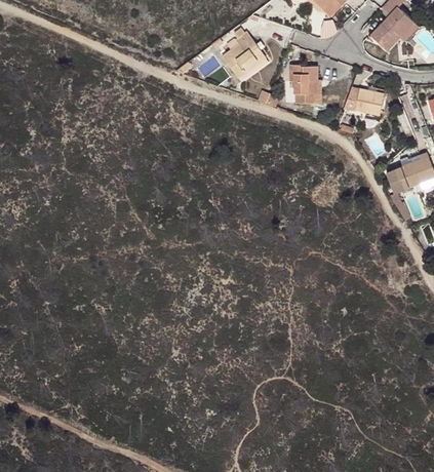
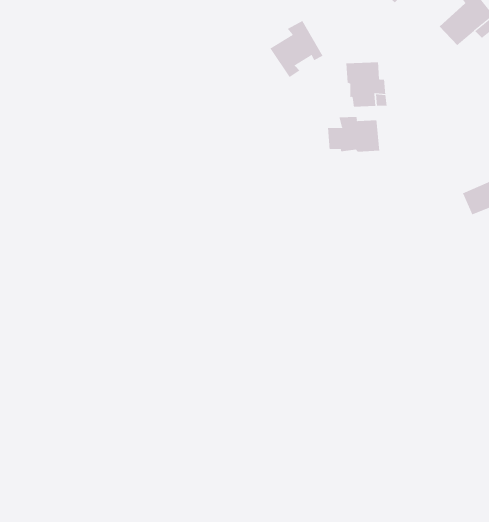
building: [345,86,384,119] -> none
building: none -> [328,116,380,152]

